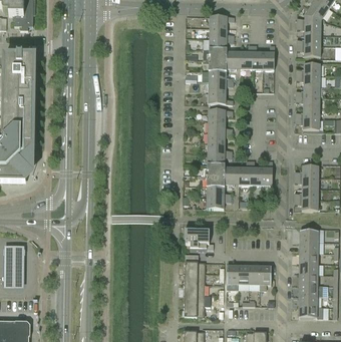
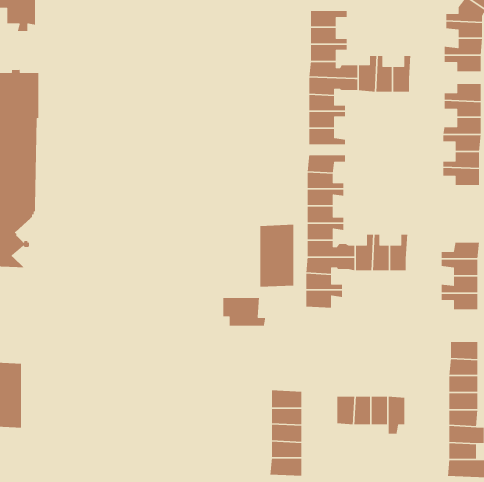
building: none -> [259,224,294,288]
building: [186,230,214,249] -> [223,297,266,327]

